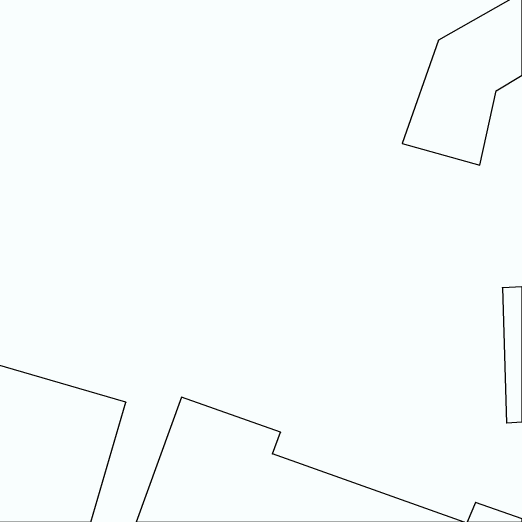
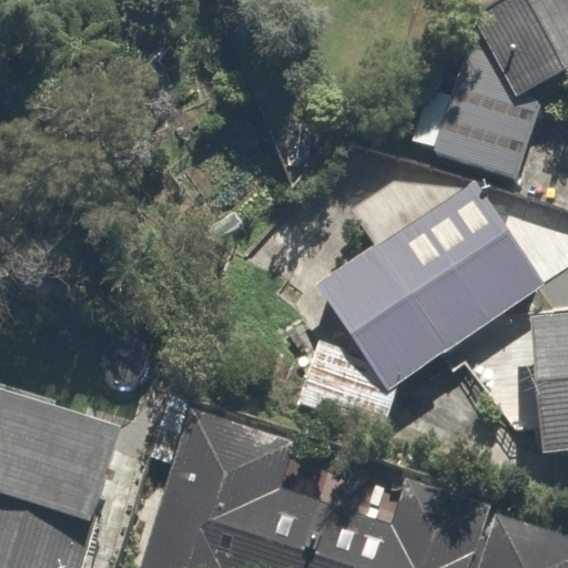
building: none -> [278,221,540,420]

